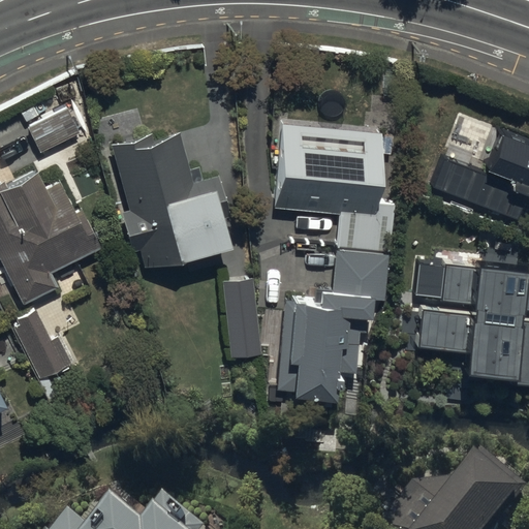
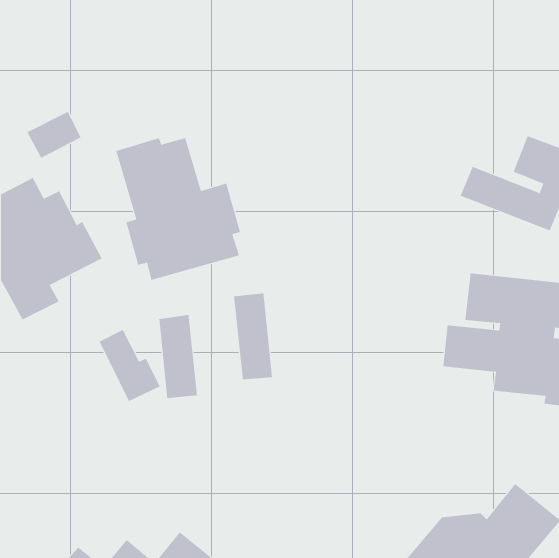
building: [275,124,397,251] -> none
building: [278,251,387,398] -> none
building: none -> [159,314,197,399]
building: [12,311,70,379] -> [99,329,160,402]

